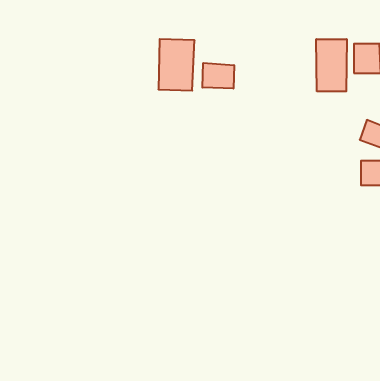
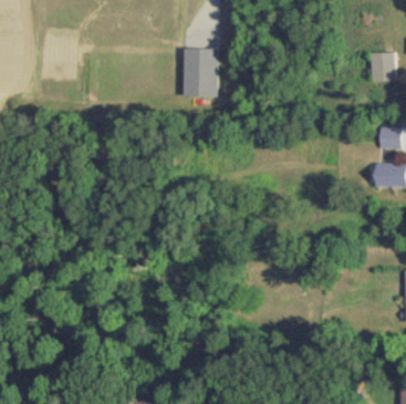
building: [316,39,347,91] -> none
building: [202,63,234,89] -> none

